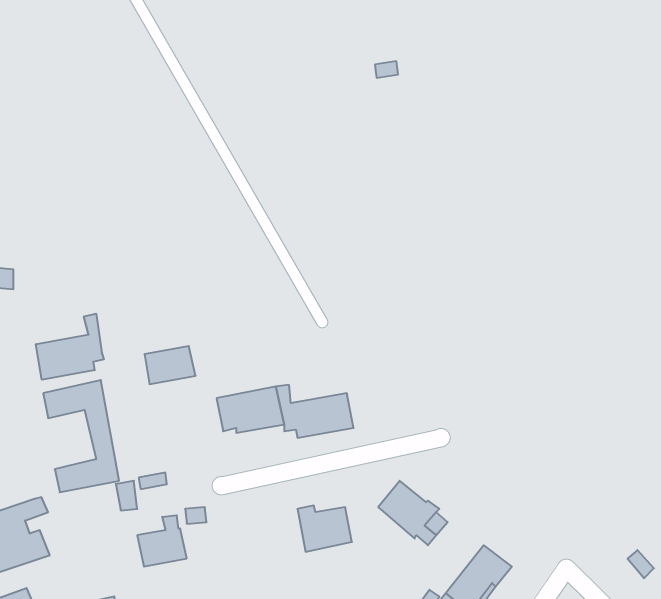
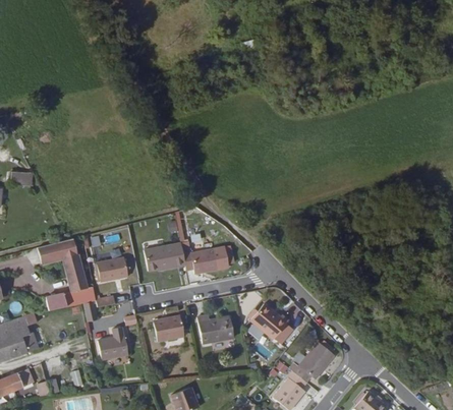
building: [36,314,104,380] -> none
building: [144,346,196,384] -> [103,259,134,283]
building: none -> [155,316,186,343]

